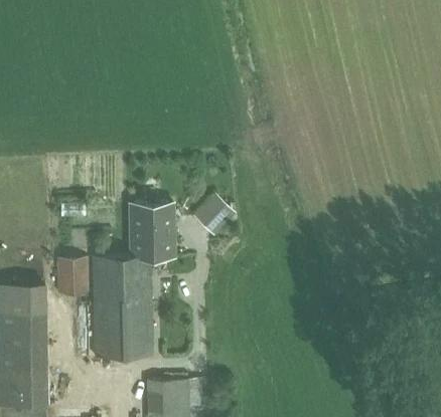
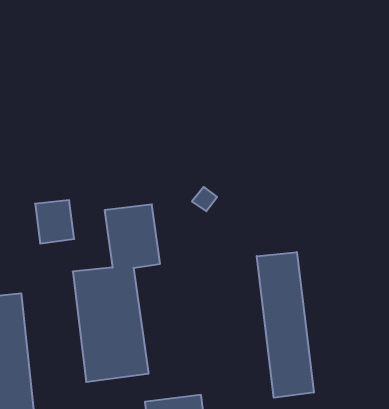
building: [57,261,90,297] -> [35,200,74,243]
building: none -> [257,252,314,398]

